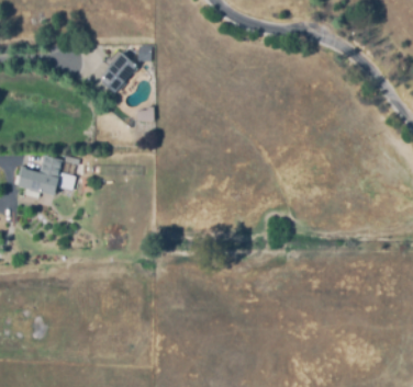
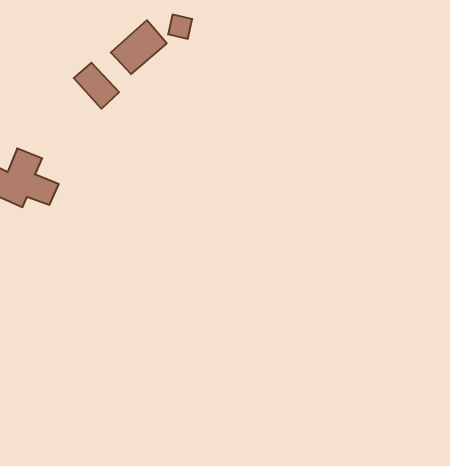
building: none -> [74,63,119,109]

